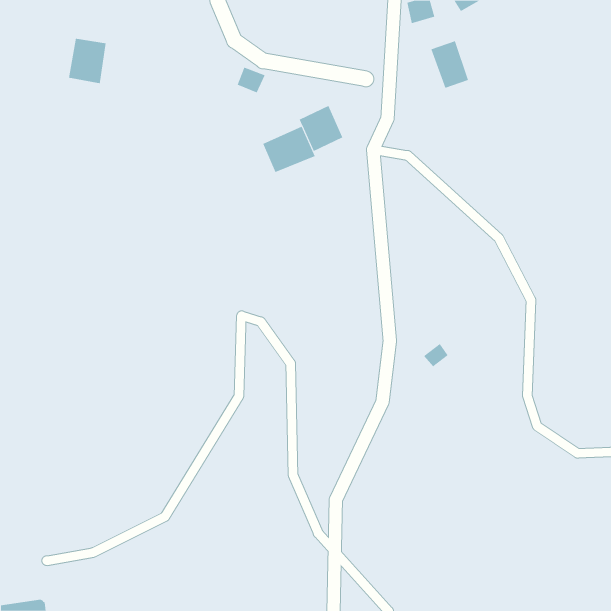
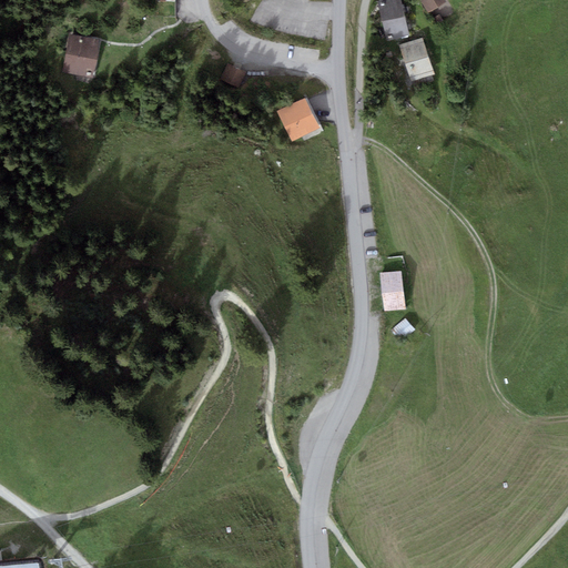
building: none -> [382,16,409,41]
building: [263,126,315,173] -> none
building: none -> [381,271,405,311]

